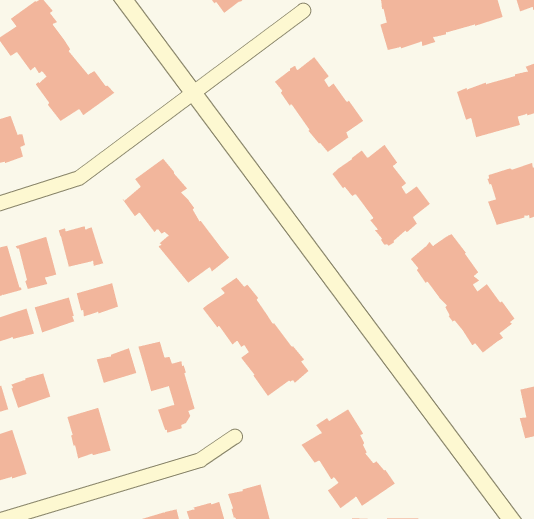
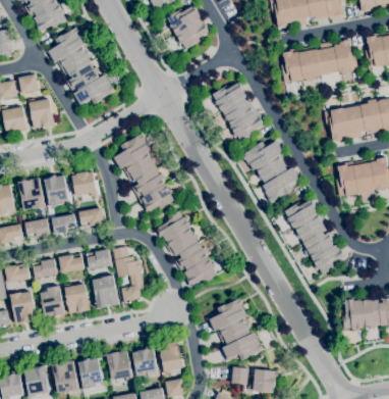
building: none -> [59,254,85,273]
building: none -> [93,276,119,309]
building: none -> [41,286,65,317]

